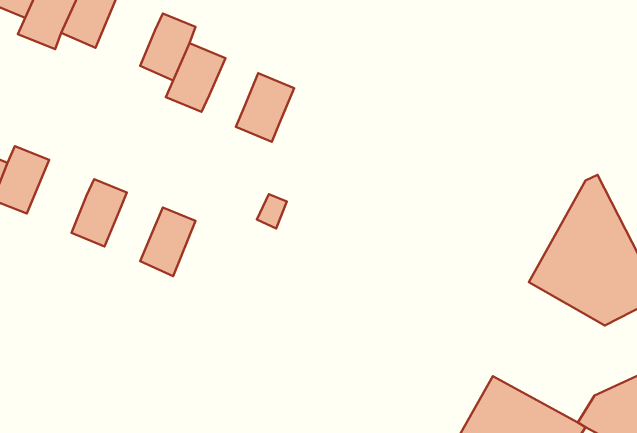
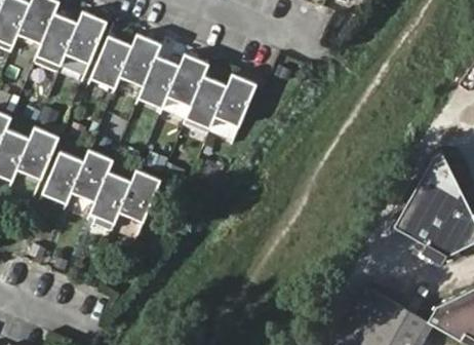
building: none -> [92,41,132,88]
building: none -> [169,60,208,106]
building: none -> [218,79,256,126]
building: none -> [45,155,85,202]
building: none -> [92,176,132,223]

